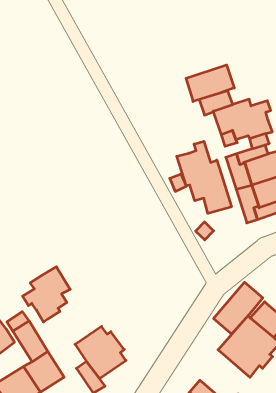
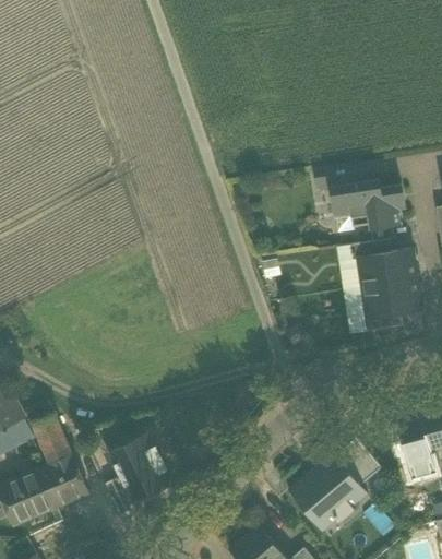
building: [186,65,234,102] -> none
building: [177,141,231,213] -> none
building: [23,267,70,322] -> none
building: [214,282,263,335] -> none

